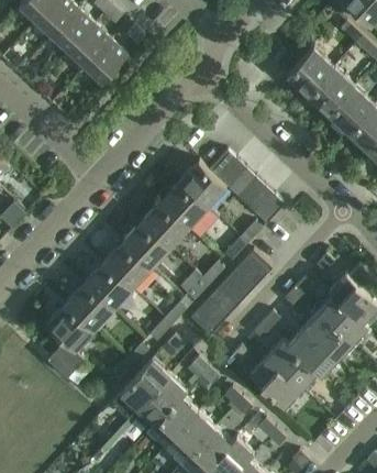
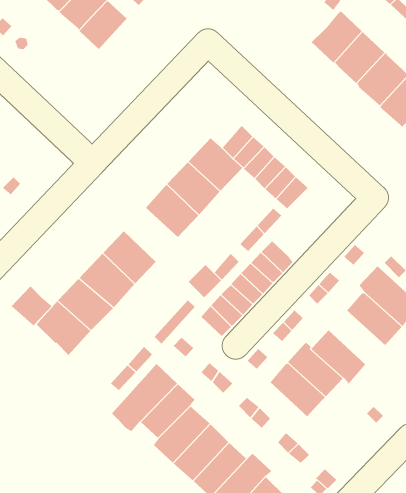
building: [123,222,170,270] -> none
building: [302,312,352,360] -> none
building: [47,341,84,377] -> [11,285,52,326]

